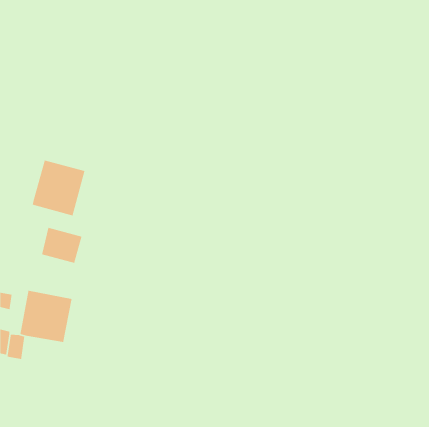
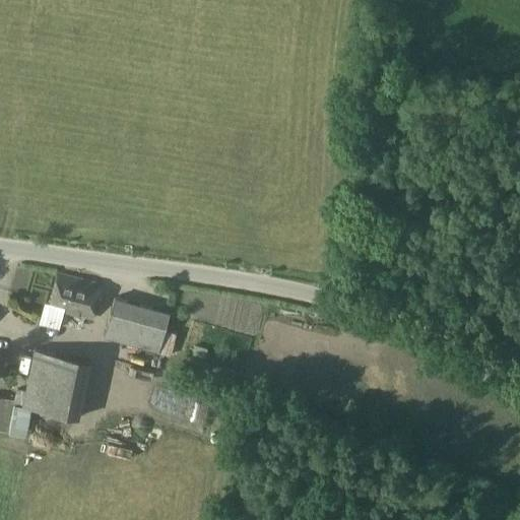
building: [32,159,86,216] -> none
building: none -> [103,299,168,353]

